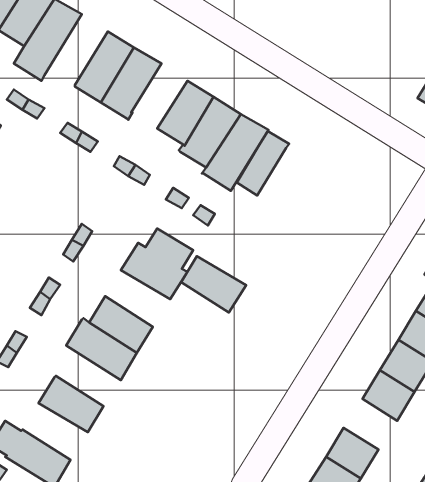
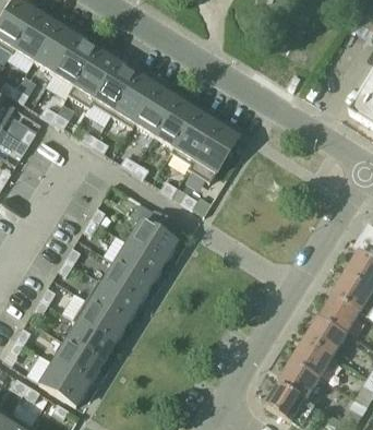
building: none -> [69,47,117,106]
building: none -> [134,84,177,133]
building: [237,131,289,196] -> none
building: [181,256,246,313] -> [115,240,164,283]
building: none -> [72,297,127,343]
building: none -> [294,337,335,375]
building: none -> [52,341,101,383]

